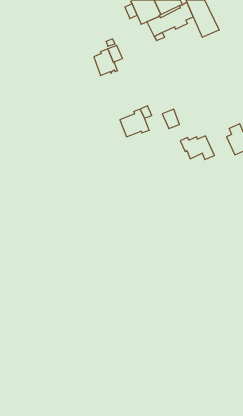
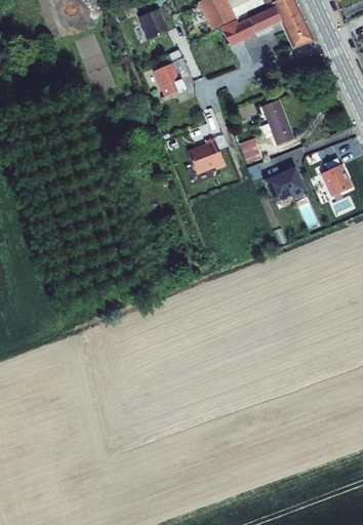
building: none -> [138,8,167,39]
building: none -> [261,98,293,144]

